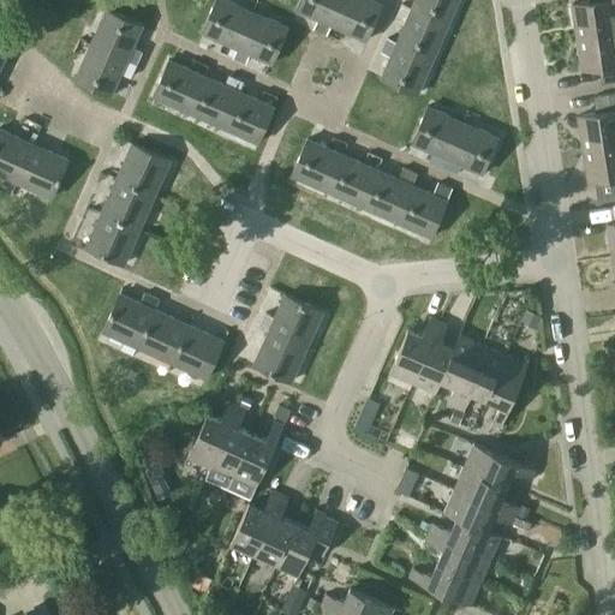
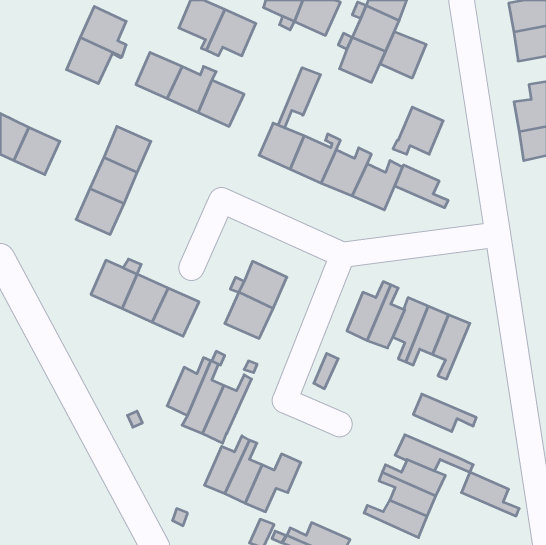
building: none -> [278,68,321,128]
building: [412,108,464,160] -> [380,32,426,78]
building: none -> [395,165,448,208]
building: [455,467,520,517] -> [461,472,519,516]

